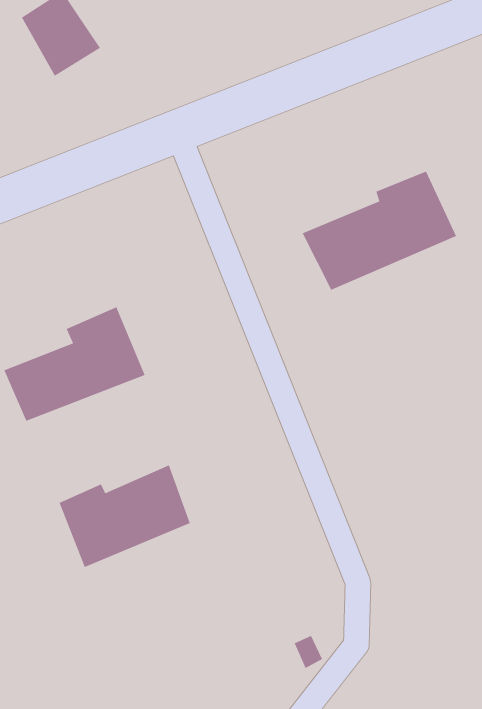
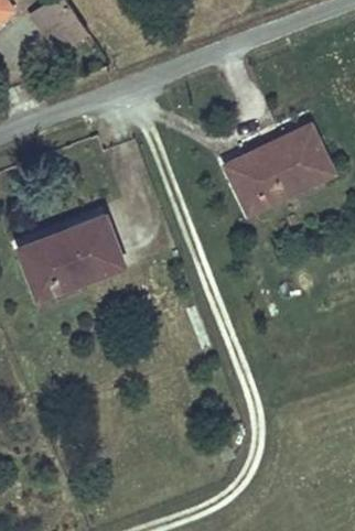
building: [59,465,190,568] -> none

